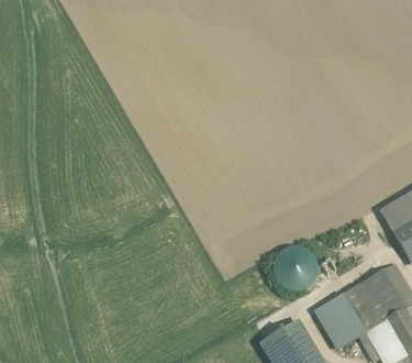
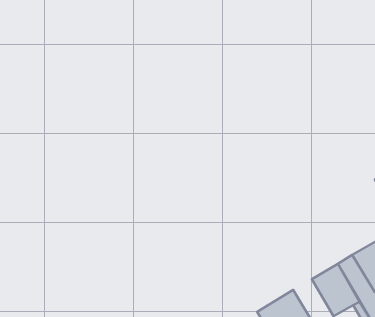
building: [281,245,316,285] -> none

